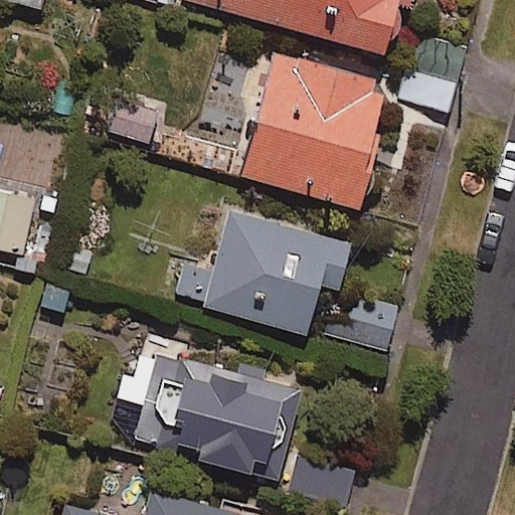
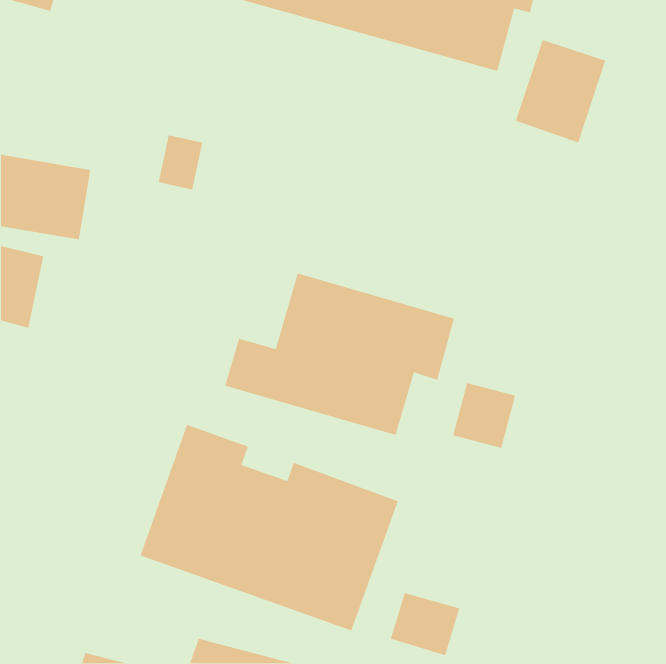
building: [239,53,388,210] -> none

